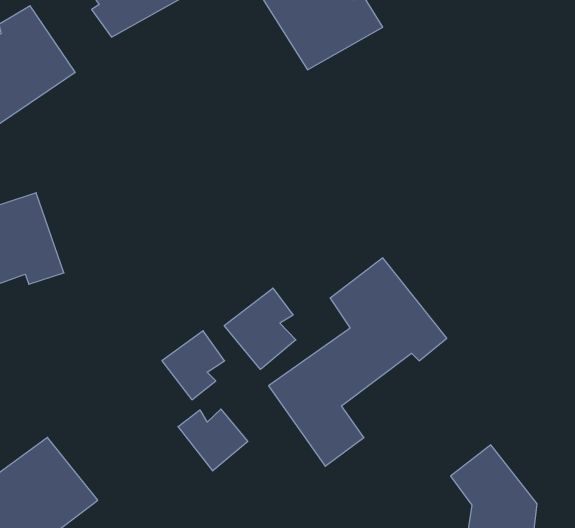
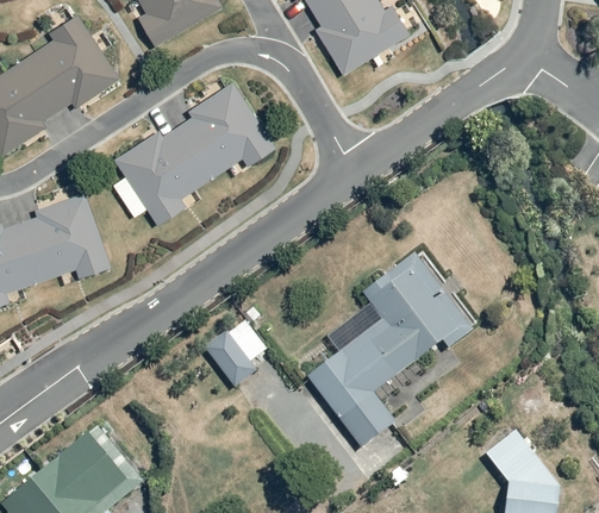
building: none -> [114,80,276,224]
building: [224,288,296,369] -> none
building: [178,409,248,471] -> none

